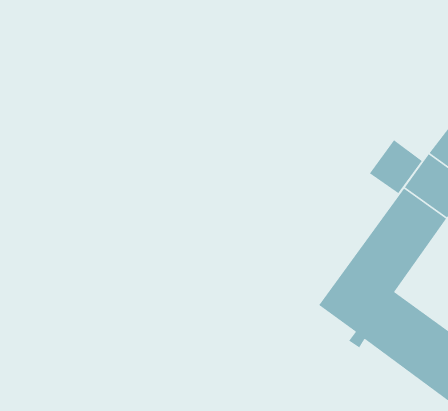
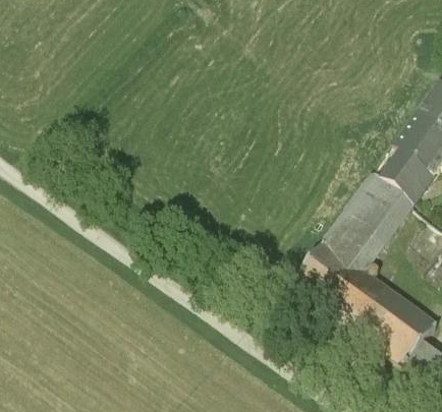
building: [369,139,423,194] -> none

